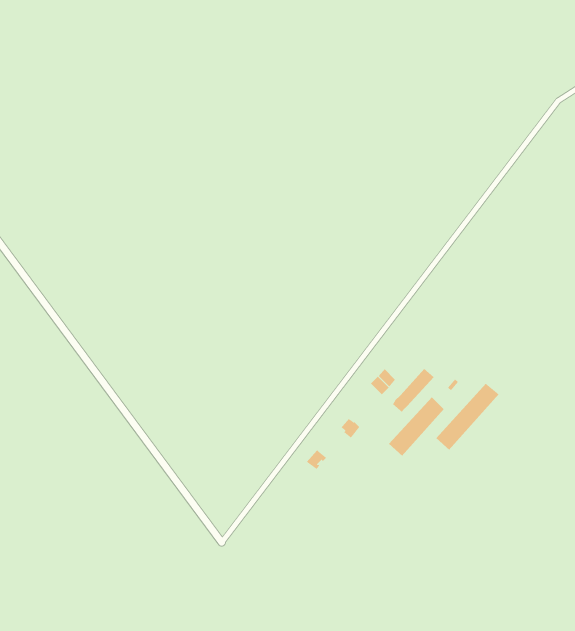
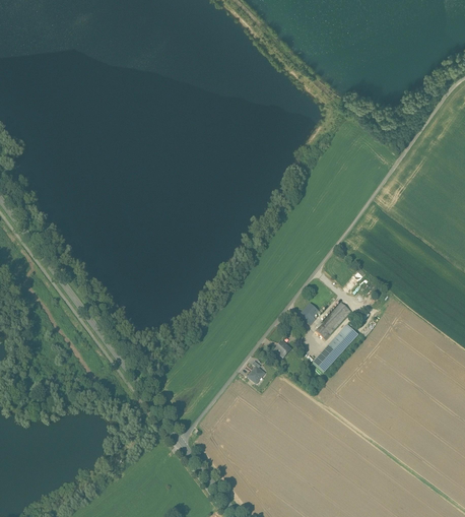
building: [435,383,500,451] -> none

